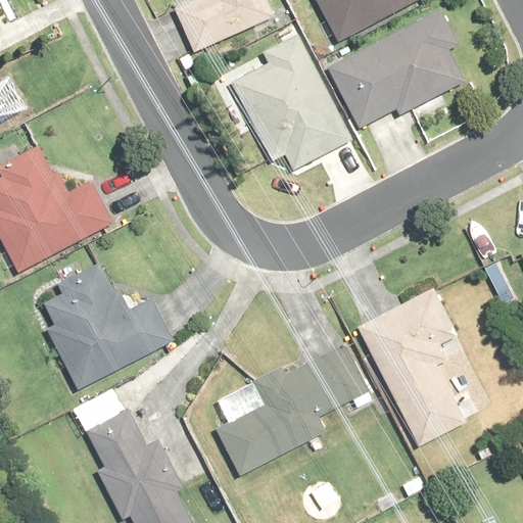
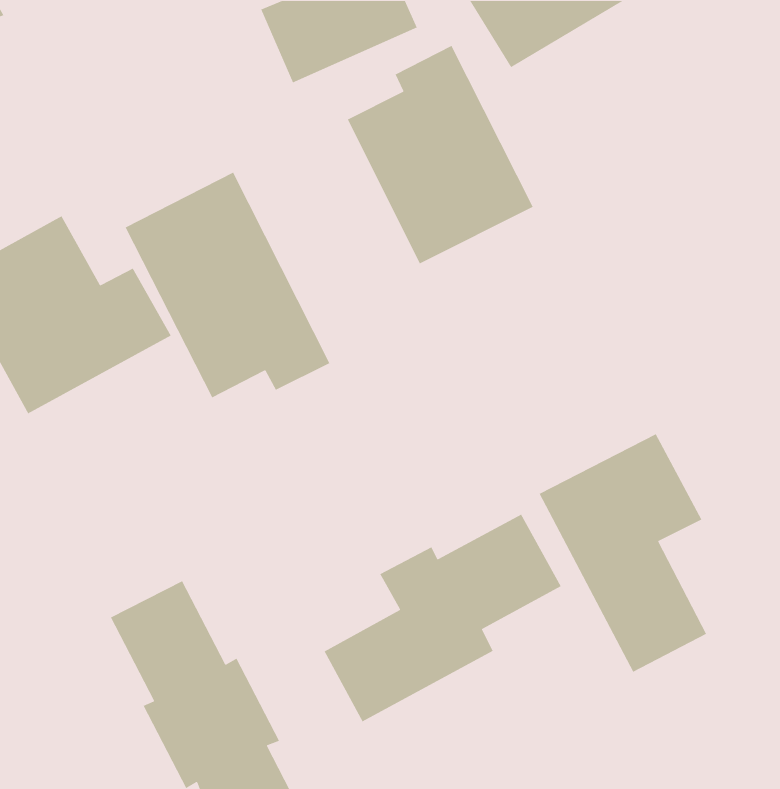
building: [326,5,471,127] -> none
building: none -> [125,171,331,398]
building: [30,260,175,391] -> none

